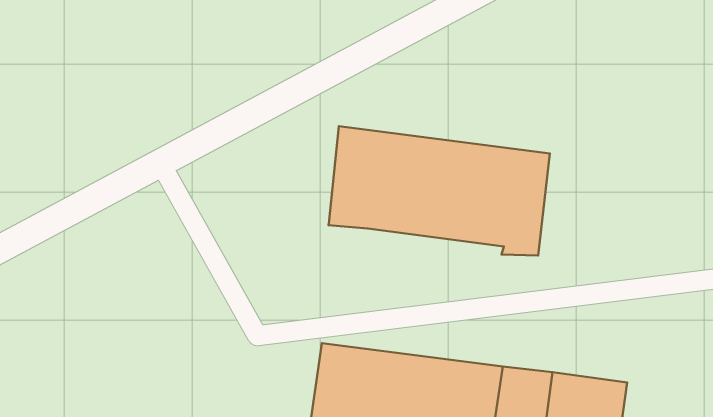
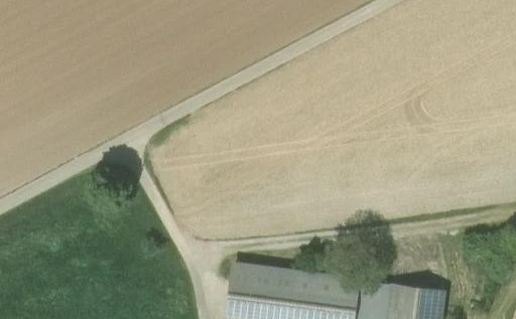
building: [328,126,550,255] -> none

